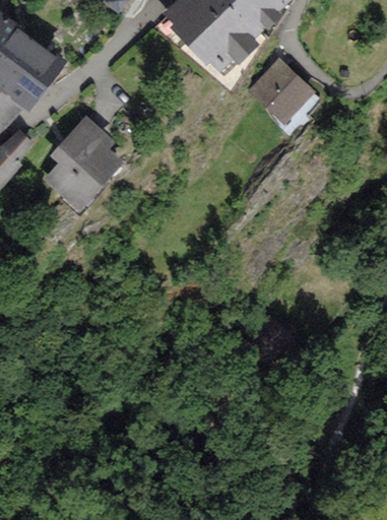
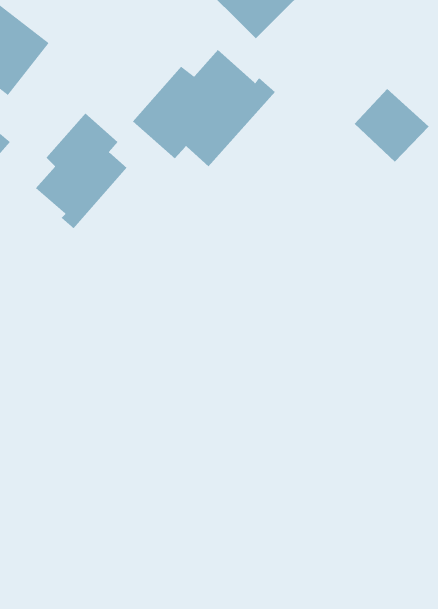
building: [252,61,312,120] -> [354,88,429,162]
building: none -> [132,49,276,167]

